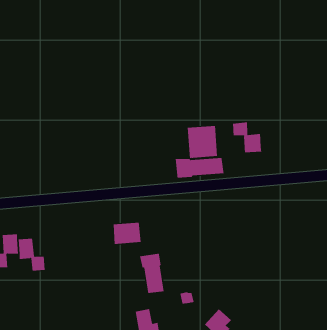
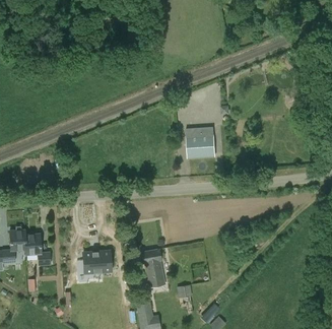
building: [232,122,262,153] -> none
building: [175,157,224,179] -> none
building: [113,222,142,244] -> [83,251,111,272]

